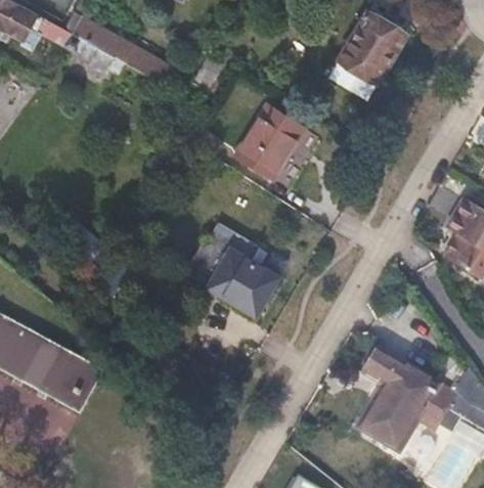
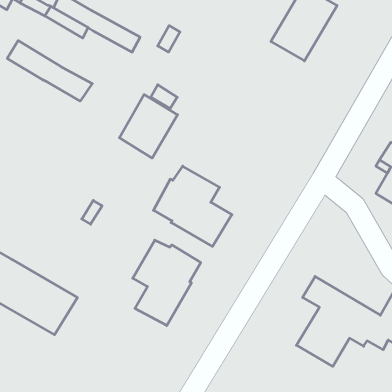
building: none -> [7,41,92,101]
building: [238,105,306,179] -> [119,95,178,158]
building: none -> [133,240,201,326]

